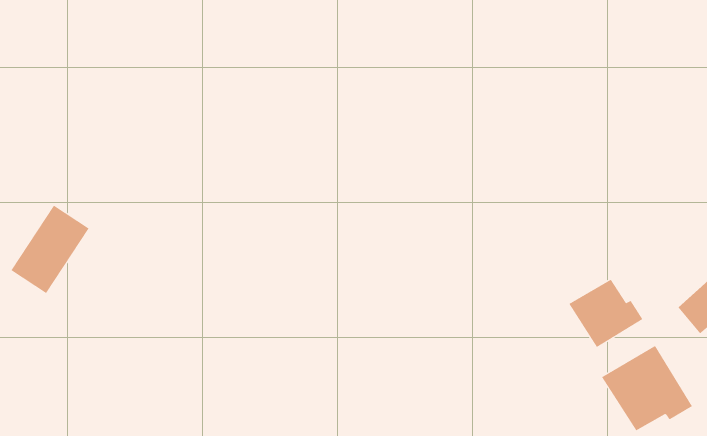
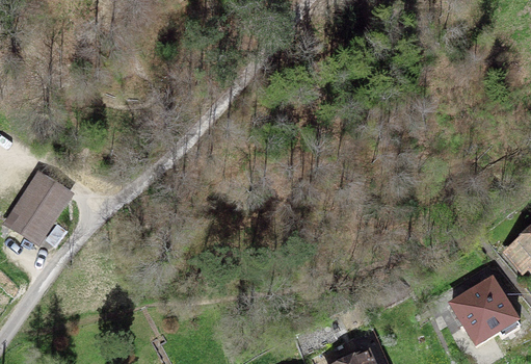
building: [569,279,643,348] -> none

